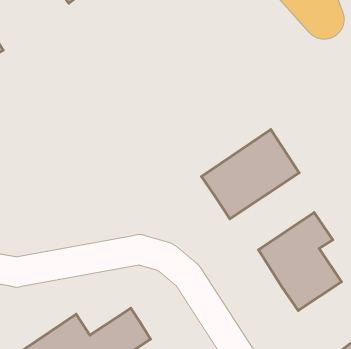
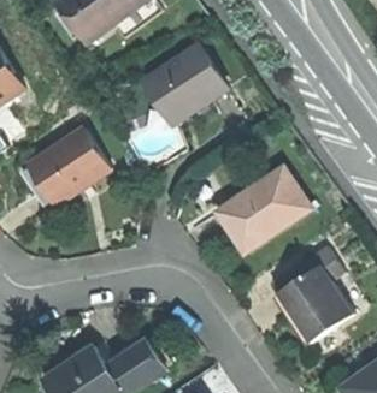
building: none -> [143,46,224,123]
building: none -> [26,127,108,204]

